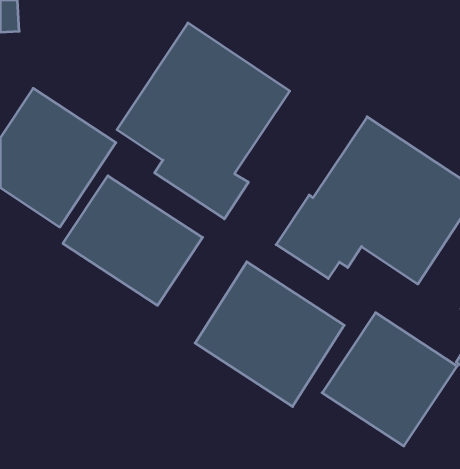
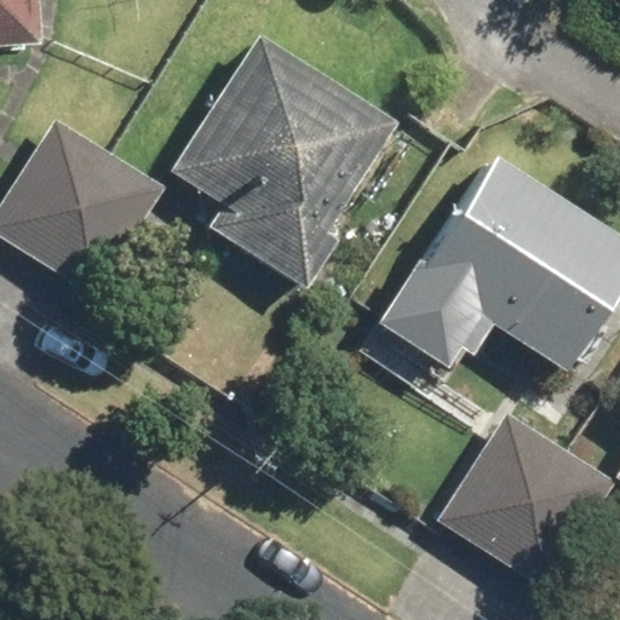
building: [63,176,203,305] -> none
building: [195,262,344,407] -> none

